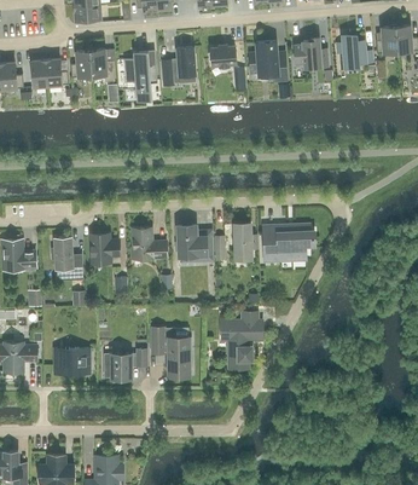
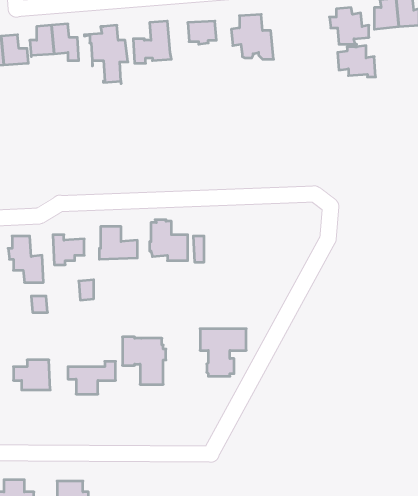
building: [294,39,327,68] -> [338,44,376,77]
building: [233,225,257,259] -> none
building: [263,226,314,262] -> none

